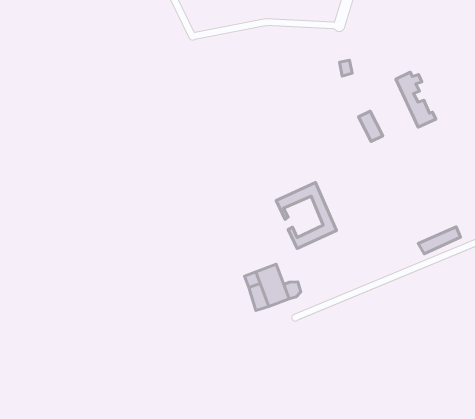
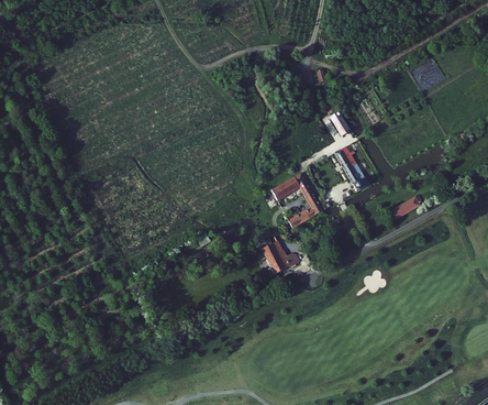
building: [396,72,436,127] -> [333,145,368,188]

